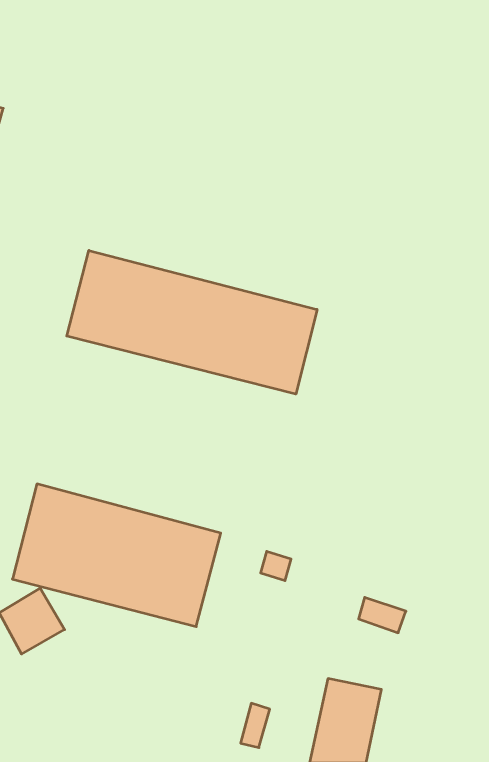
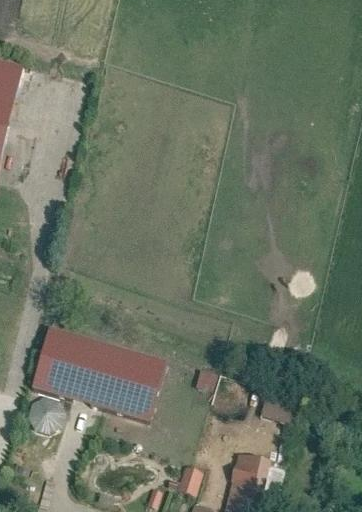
building: [67,250,317,394] -> none

